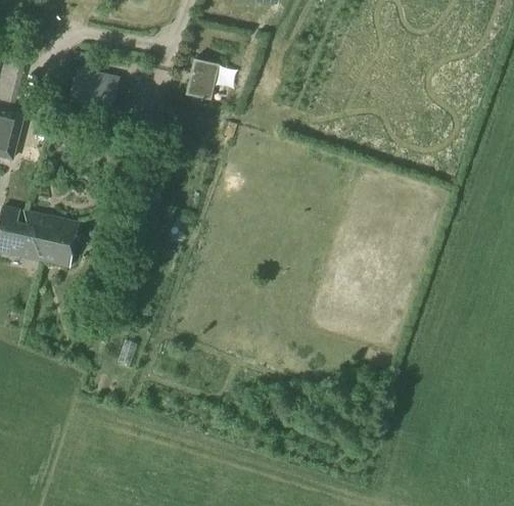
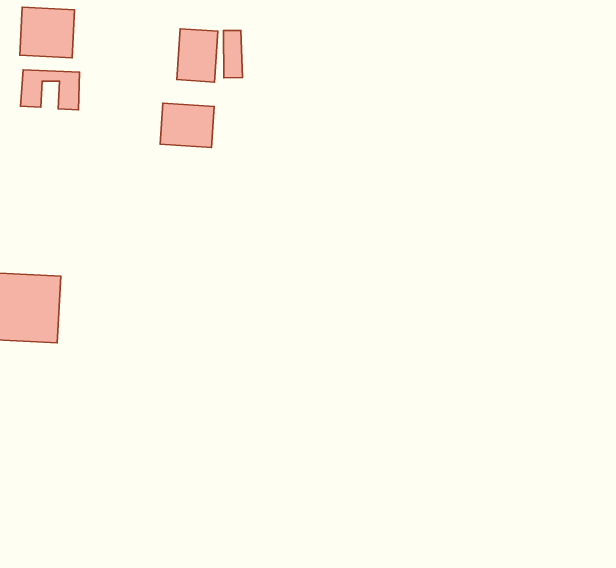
building: none -> [20,7,74,58]
building: none -> [160,103,214,148]

